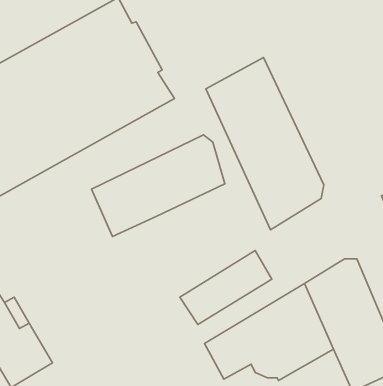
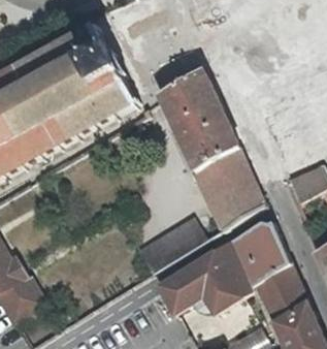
building: [91,135,225,236] -> none
building: none -> [208,168,265,232]

